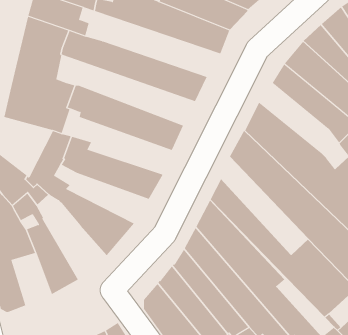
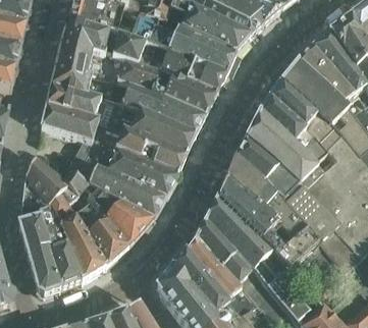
building: none -> [110,36,225,92]
building: none -> [86,73,204,133]
building: none -> [258,97,327,161]
building: none -> [98,126,183,175]
building: none -> [225,160,300,243]
building: none -> [84,167,164,217]
building: none -> [73,200,127,265]
building: none -> [47,242,81,287]

